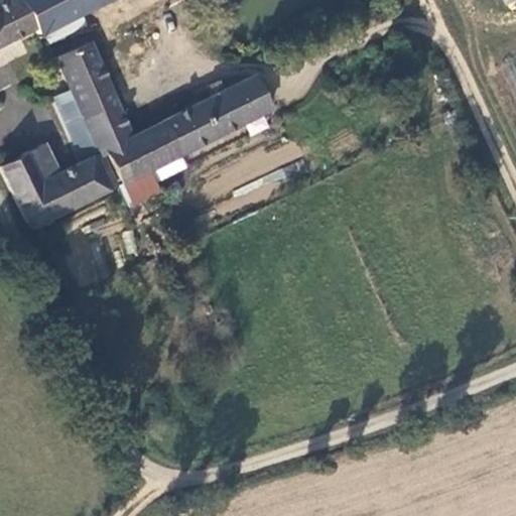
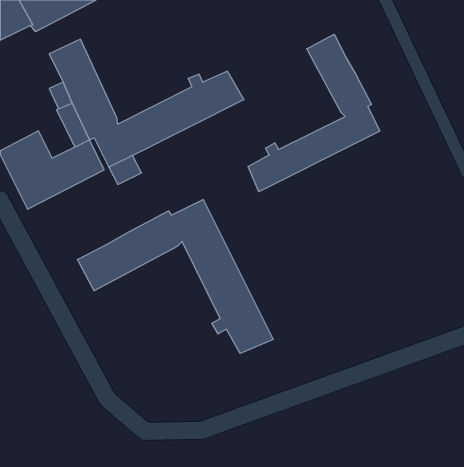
building: none -> [248,34,380,192]
building: none -> [77,199,273,353]

